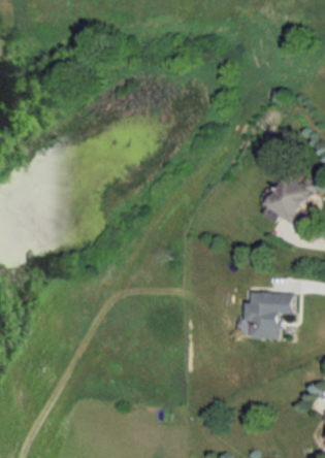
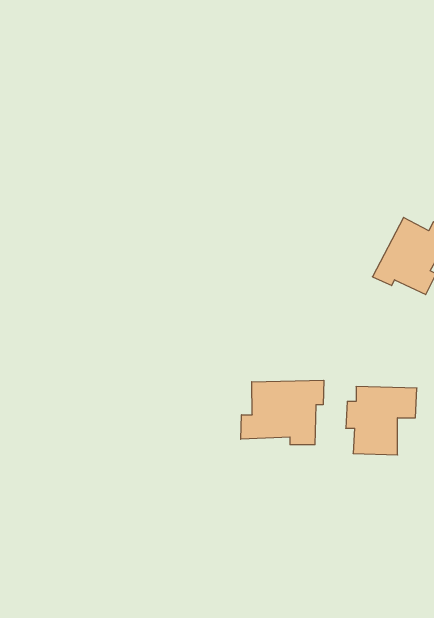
building: none -> [241,380,324,445]

